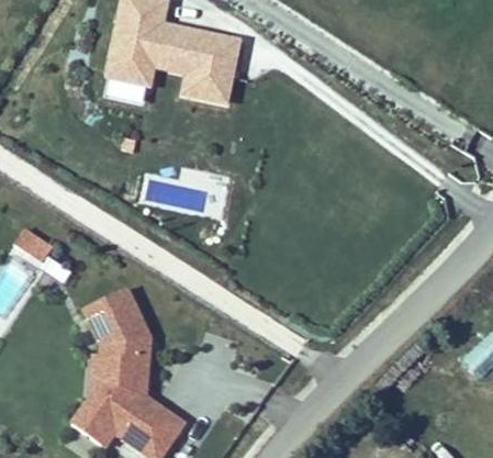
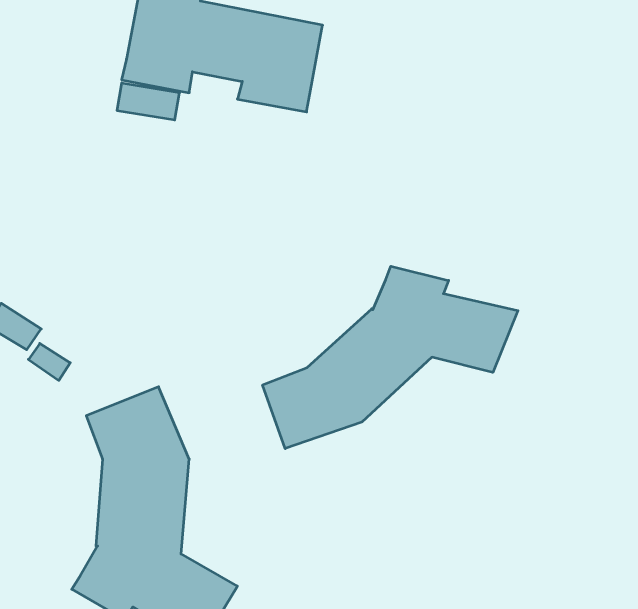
building: none -> [263,266,518,449]

